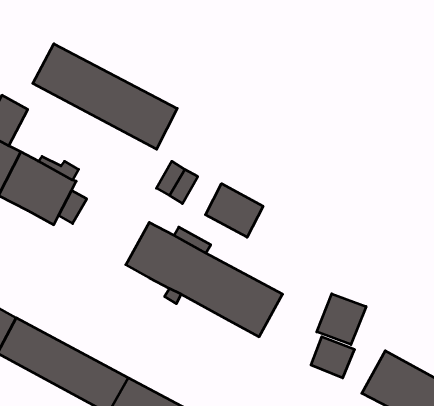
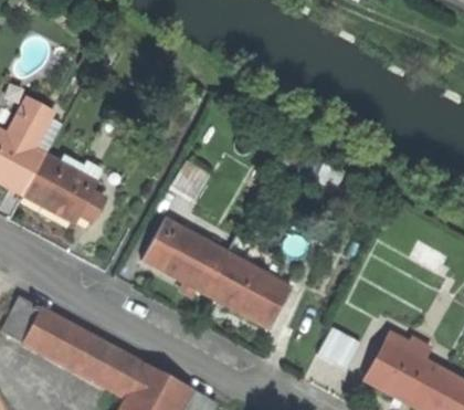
building: [33,44,177,149] -> none
building: [205,184,263,237] -> none
building: [317,294,366,345] -> none

